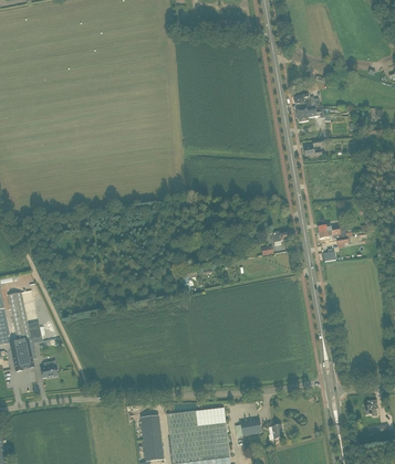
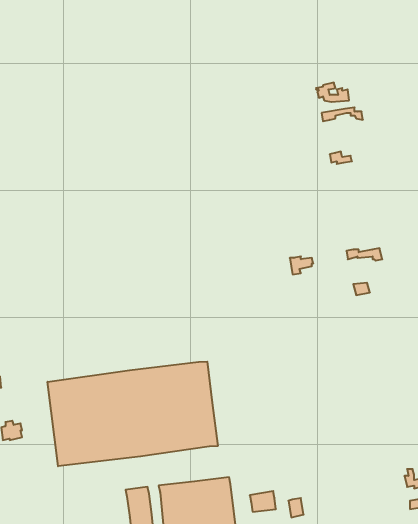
building: none -> [48,362,218,466]

